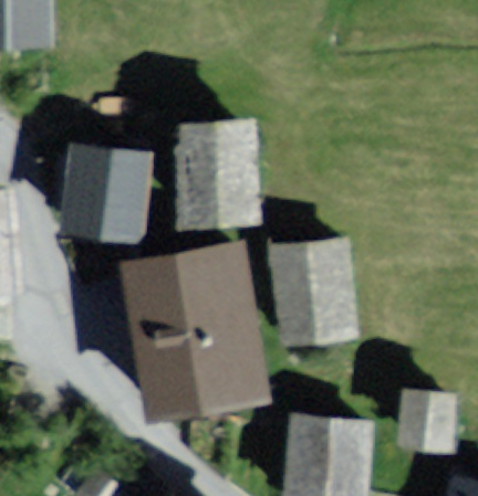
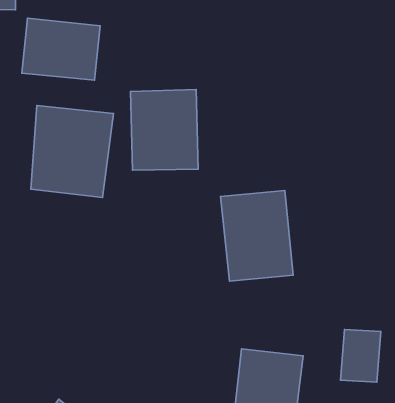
building: none -> [22,18,100,80]
building: [136,253,254,407] -> none

